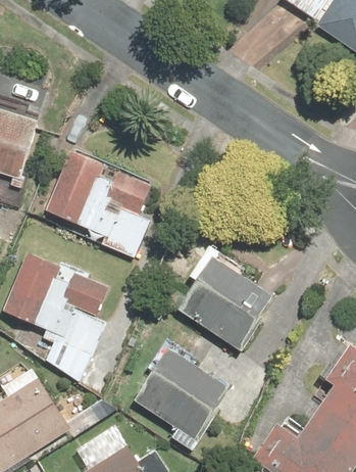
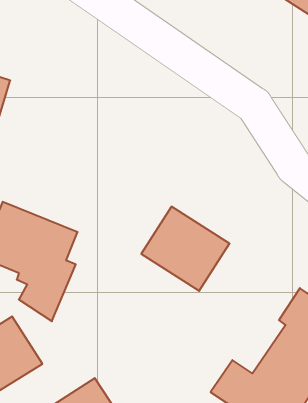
building: [41,149,152,257] -> none
building: [134,350,226,439] -> none

